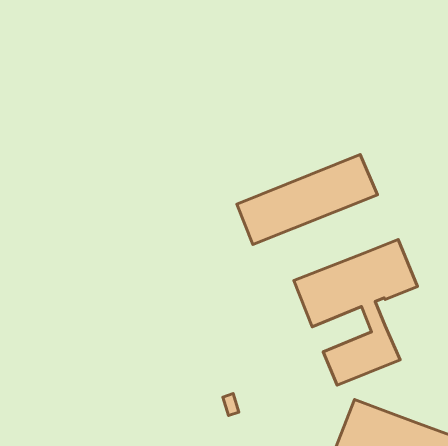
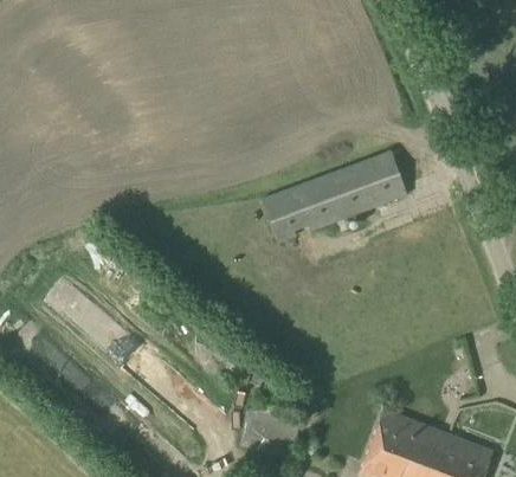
building: [294,239,417,385] -> none

